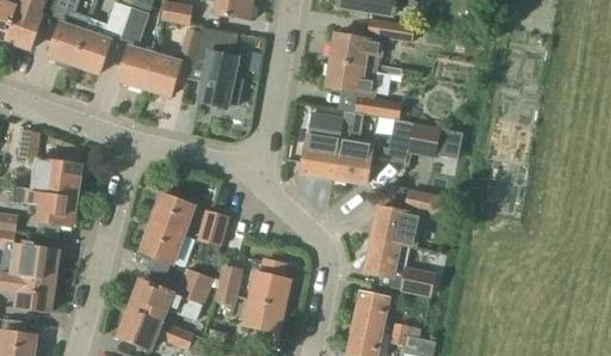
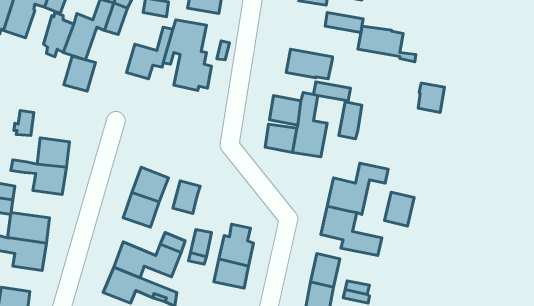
building: [331,33,396,74] -> [358,26,416,62]
building: [118,47,154,86] -> [64,56,95,91]
building: [411,123,440,156] -> [418,83,444,113]
building: none -> [385,192,414,226]

